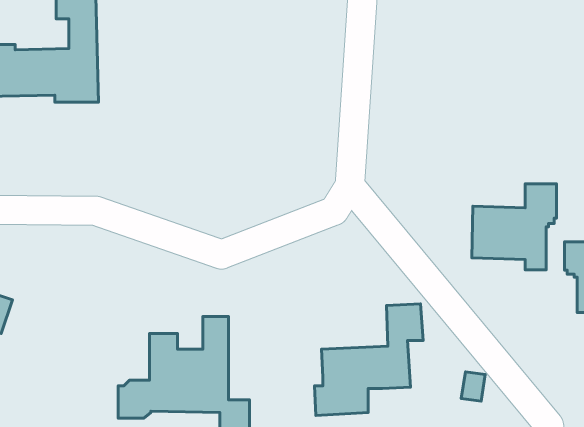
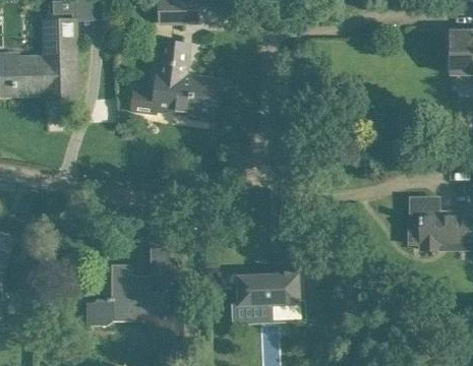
building: none -> [129,41,217,115]
building: [472,184,556,270] -> none

